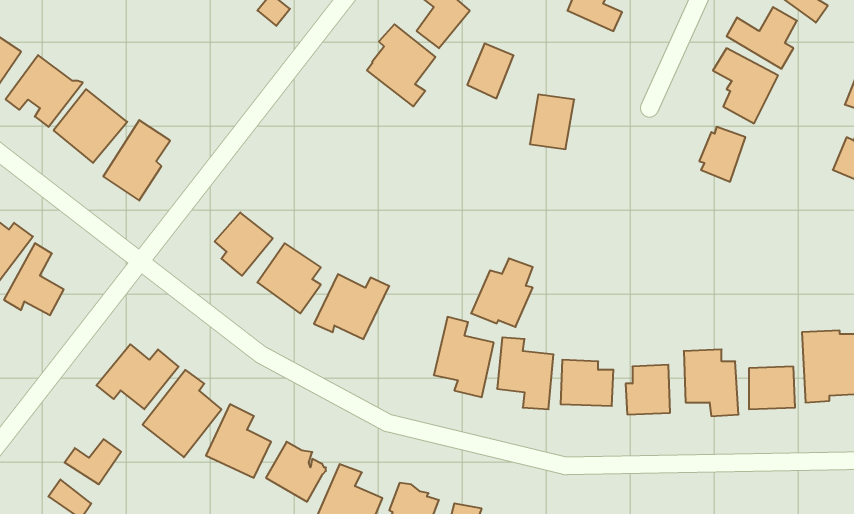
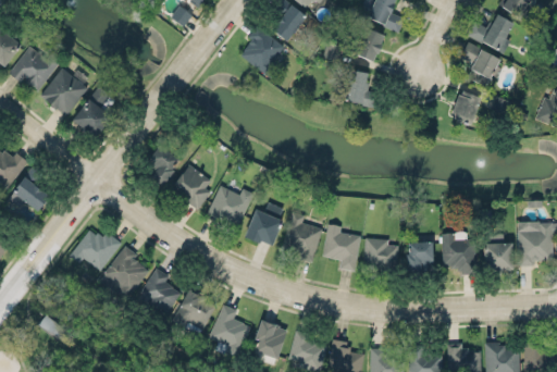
building: [467,44,514,98] -> [355,27,384,62]
building: [471,258,533,327] -> [244,202,283,246]
building: [65,439,121,484] -> none

